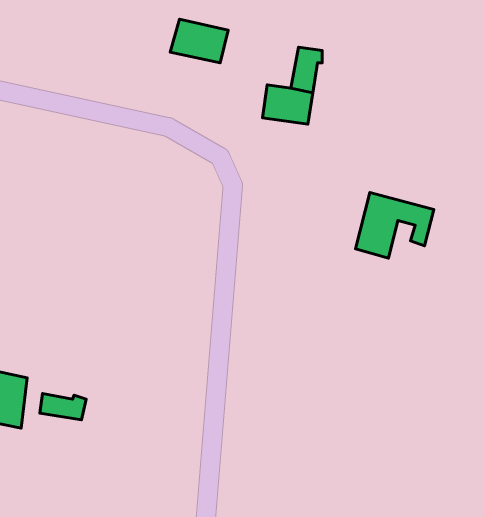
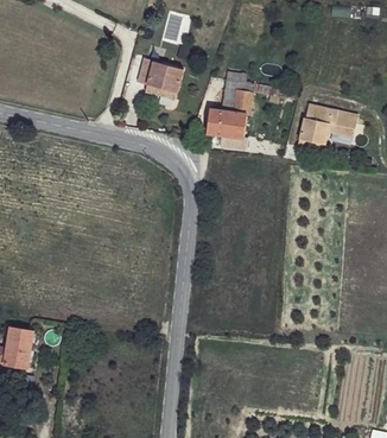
building: [356,192,434,258] -> [298,102,357,152]
building: [40,394,86,420] -> none

